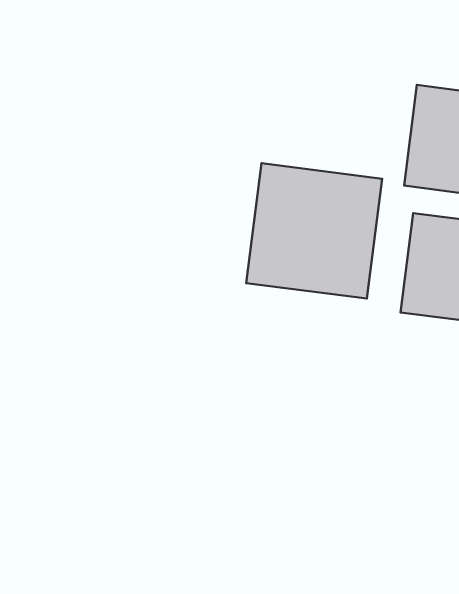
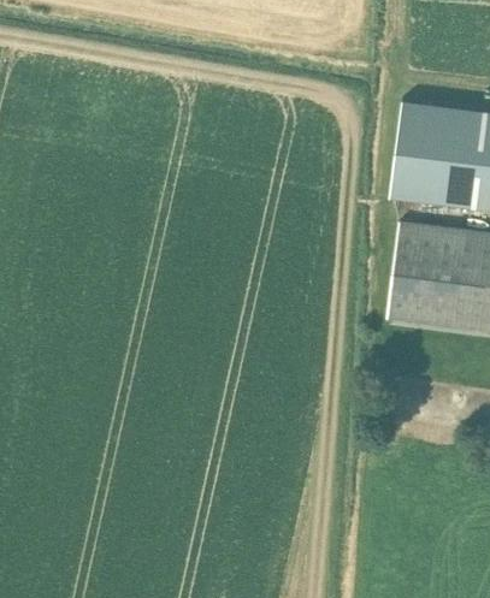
building: [246,163,382,298] -> none

